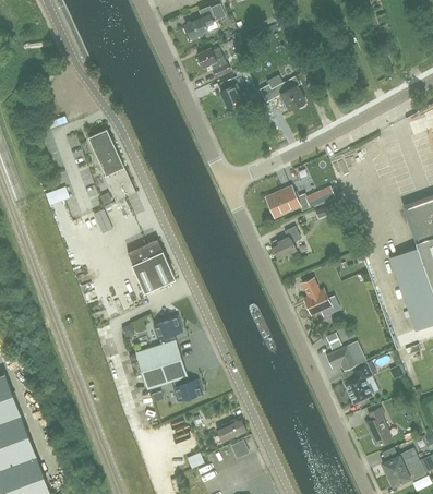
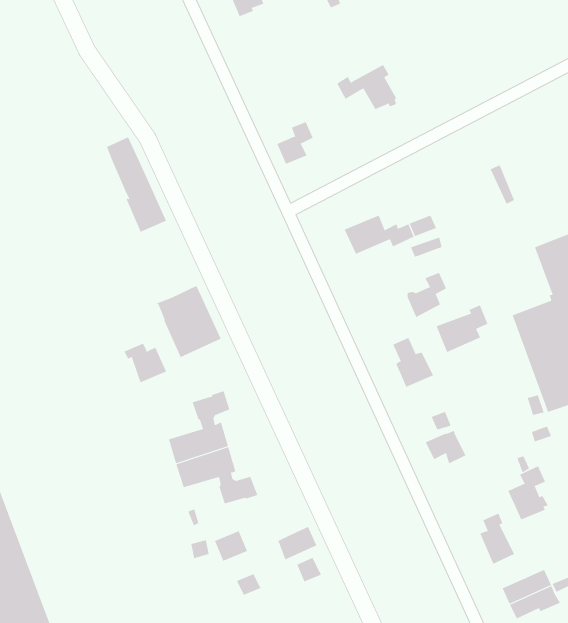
building: [195,47,231,79] -> none
building: [219,74,246,106] -> [276,122,313,164]
building: [270,226,300,260] -> [407,272,447,318]
building: none -> [436,305,488,353]
building: none -> [124,343,167,383]
building: [344,362,374,402] -> [507,466,549,520]

